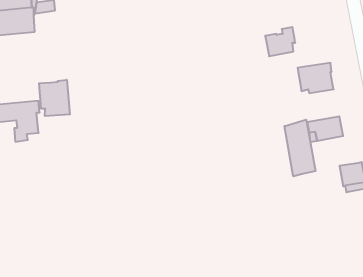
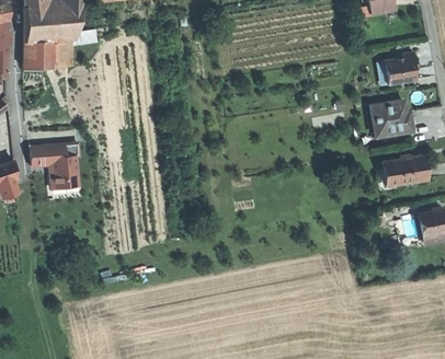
building: [265,27,295,56] -> [384,50,418,83]
building: [39,80,70,116] -> none
building: [284,120,316,176] -> none

